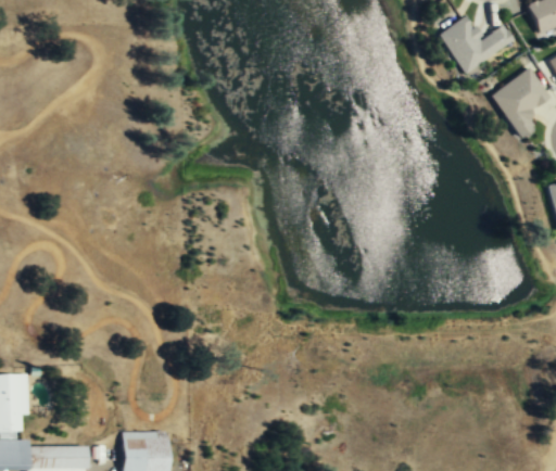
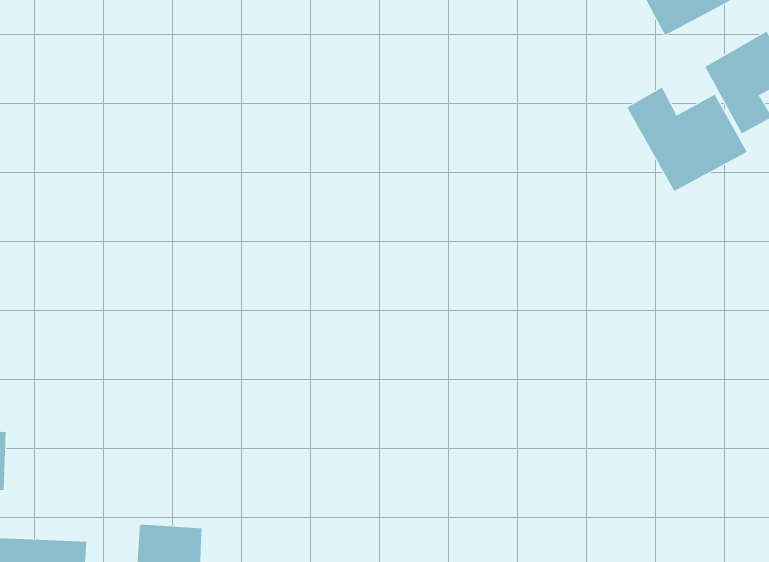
building: none -> [626,87,747,192]

